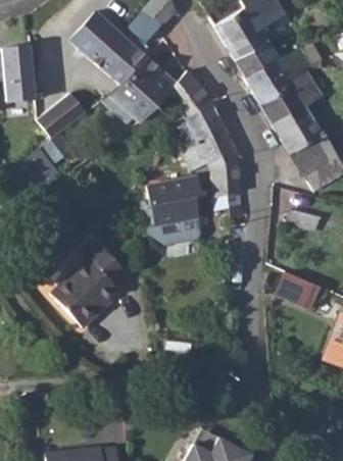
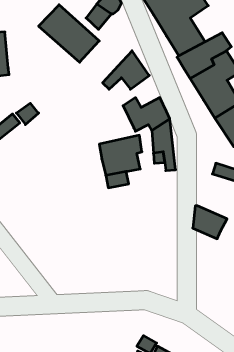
building: [110,58,176,122] -> none
building: [38,93,86,138] -> none
building: [186,101,223,141] -> none
building: [53,239,129,327] -> none

